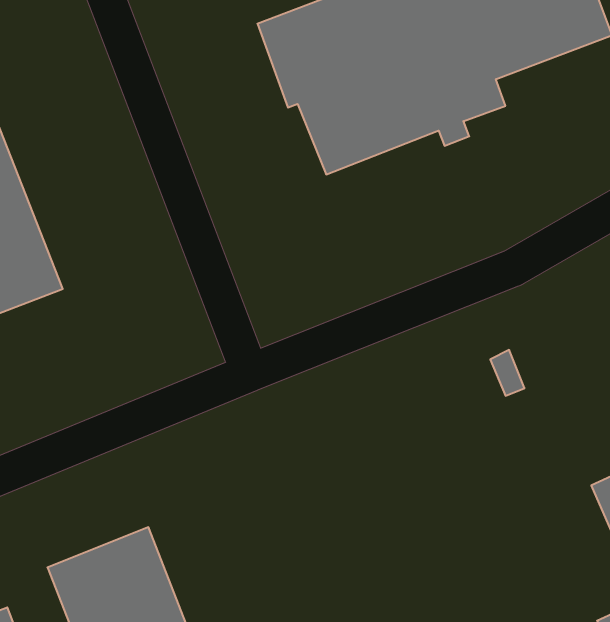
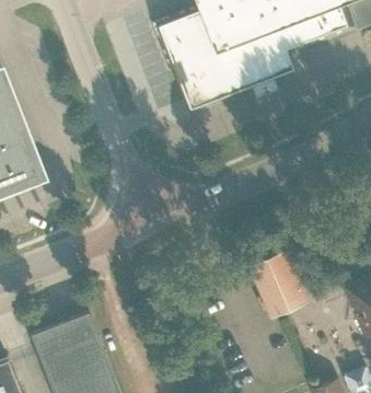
building: none -> [251,253,308,319]

